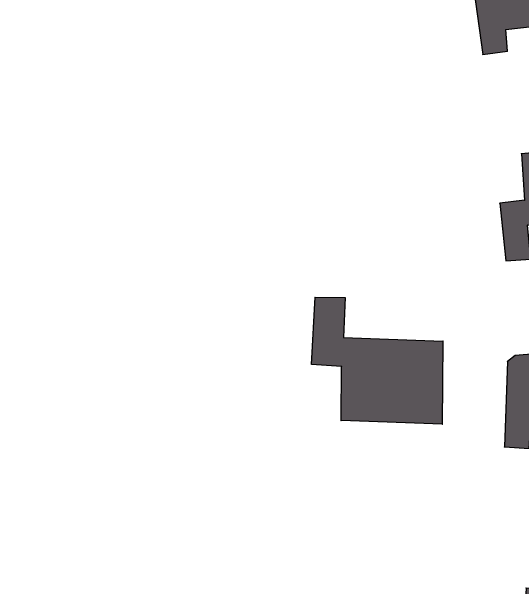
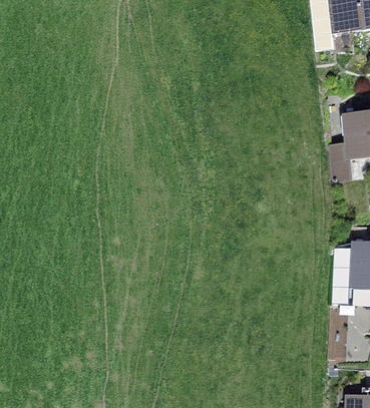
building: [312,297,443,424] -> none

